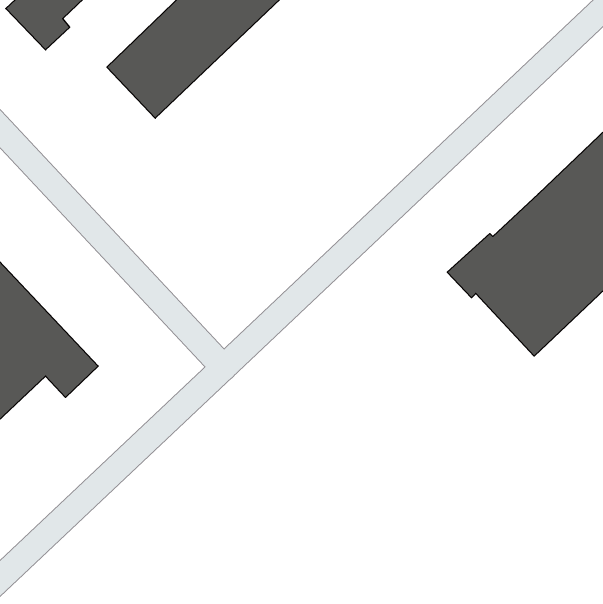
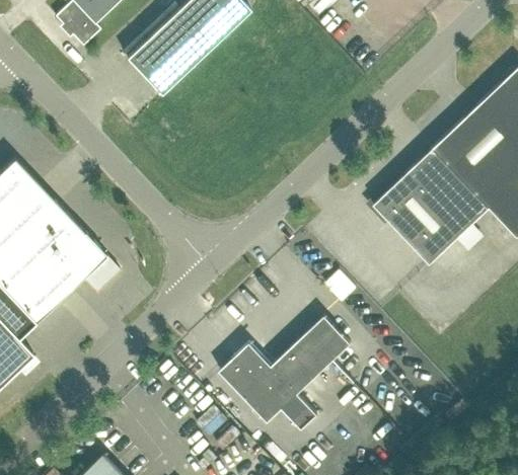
building: none -> [219,315,351,428]

